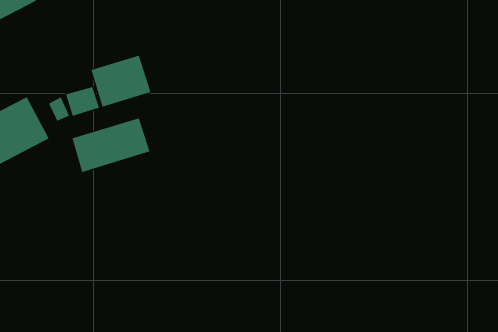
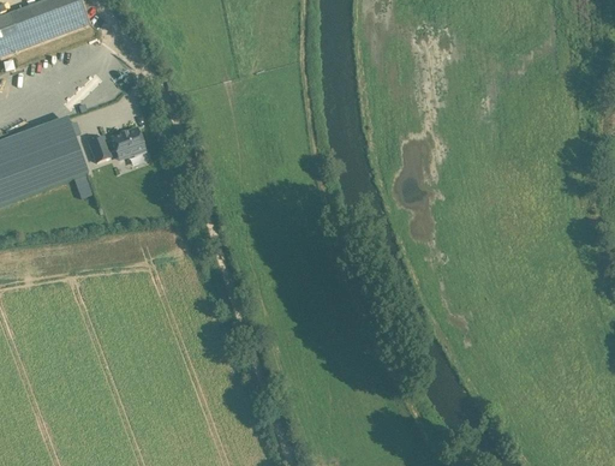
building: [91,55,151,108] -> none
building: [72,117,150,173] -> none

